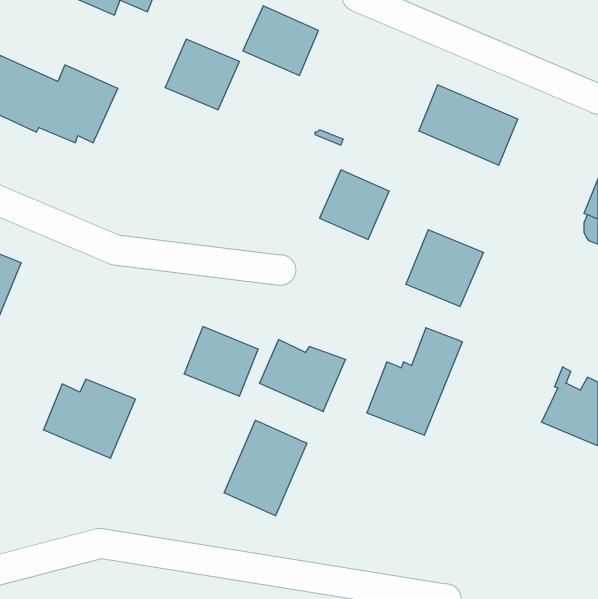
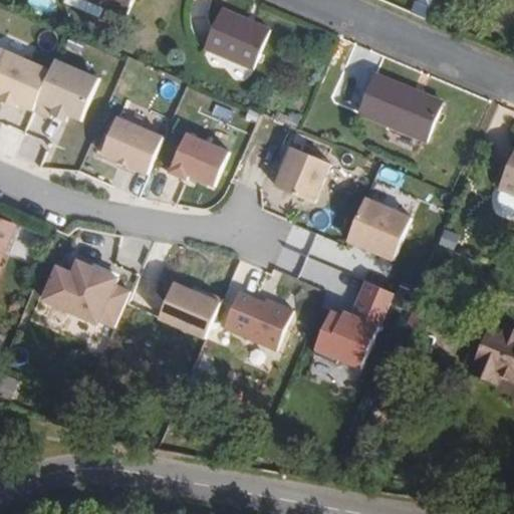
building: [165,39,239,110] -> [99,115,163,176]
building: none -> [169,131,230,189]
building: [43,379,135,458] -> [39,258,117,325]
building: [224,420,307,516] -> none

